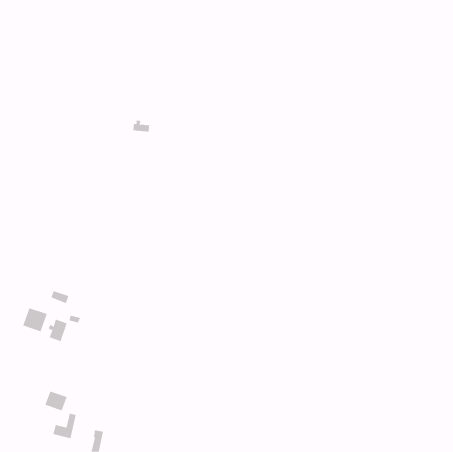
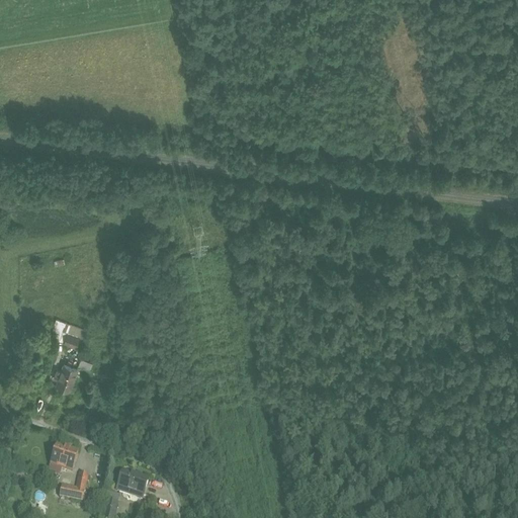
building: [22,307,47,332] -> none
building: none -> [117,470,147,494]

